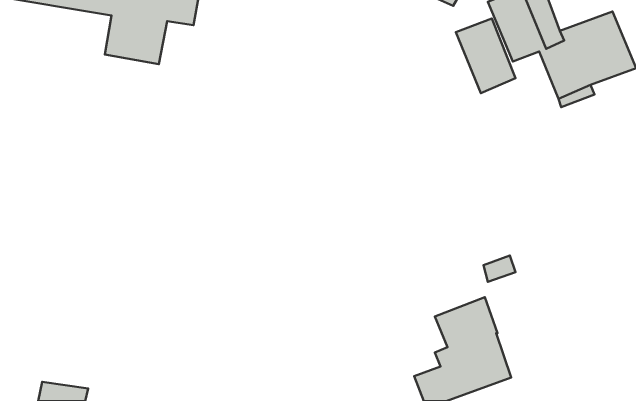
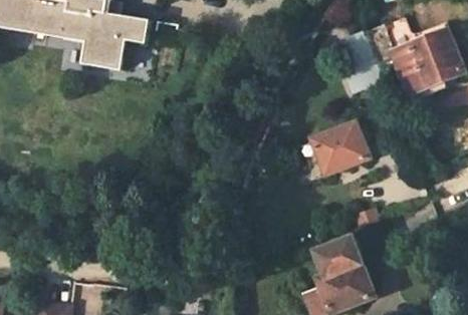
building: none -> [313,124,369,174]

